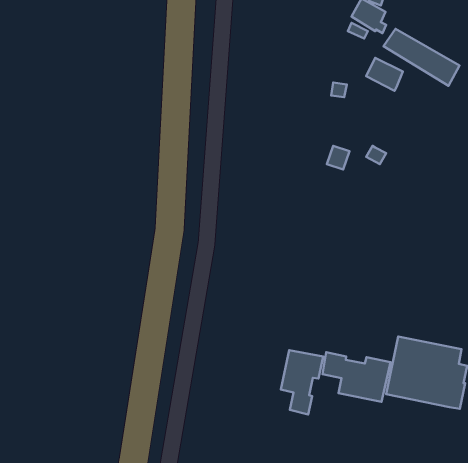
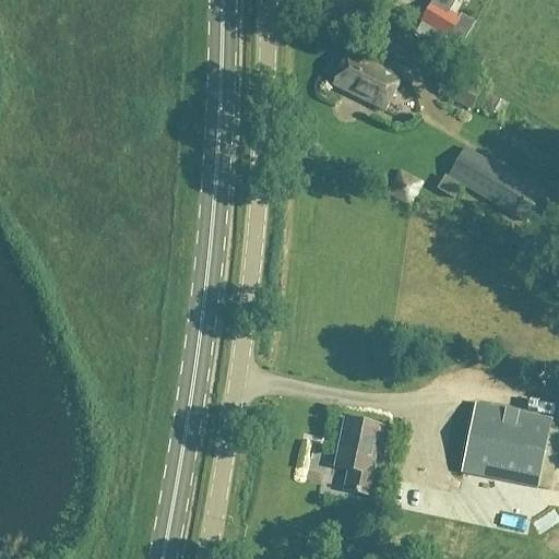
building: [383,29,460,86] -> [450,148,540,216]
building: none -> [331,48,400,108]
building: [322,352,390,402] -> none

